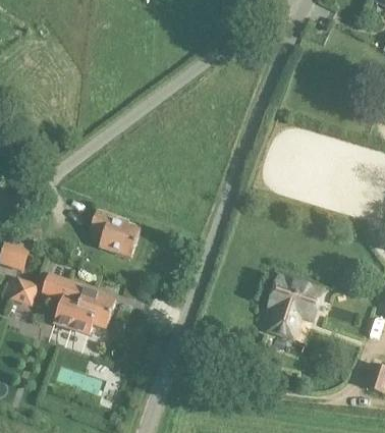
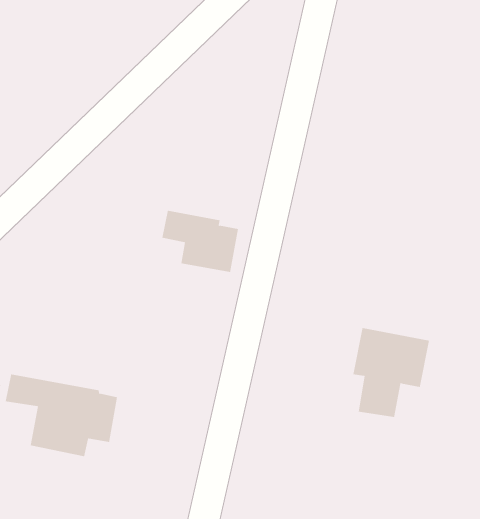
building: [89,211,140,257] -> [161,210,239,272]

